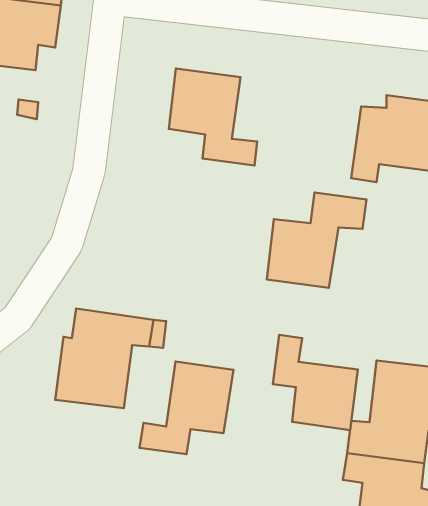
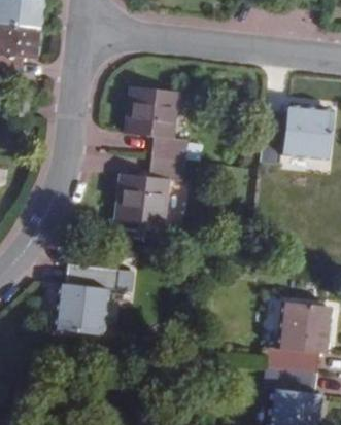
building: [267,192,367,288] -> [117,153,191,223]
building: [273,335,358,430] -> none
building: [140,361,234,454] -> none

